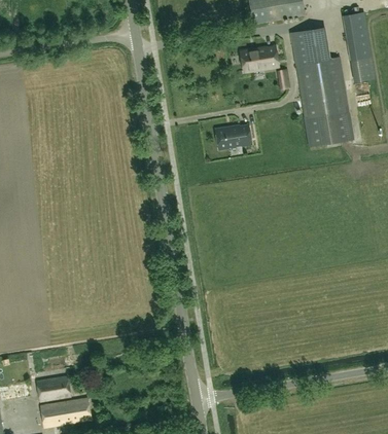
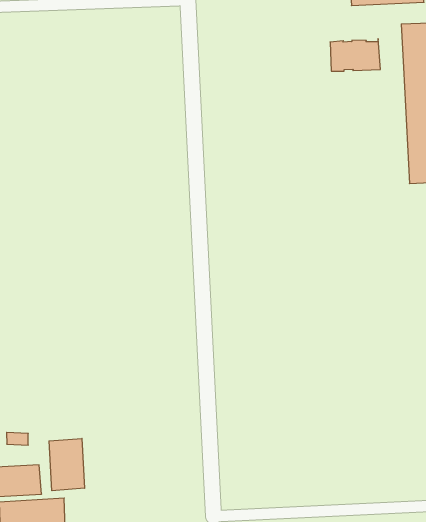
building: [216,122,252,148] -> none
building: none -> [49,438,85,491]

